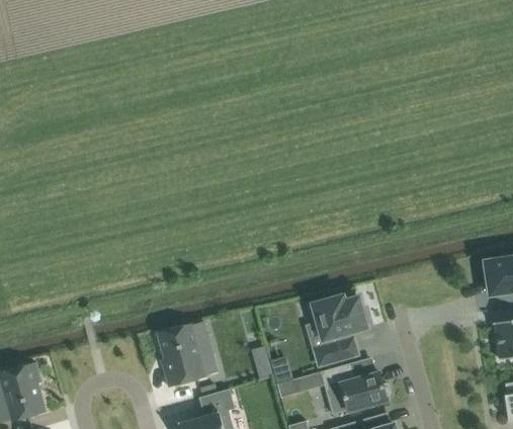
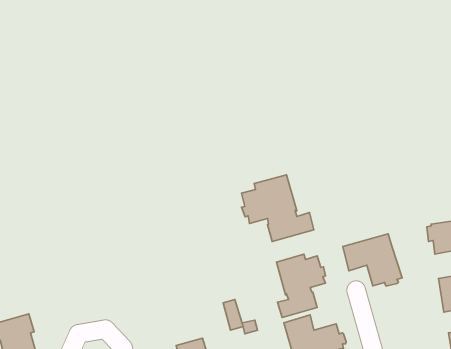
building: none -> [241,175,314,242]
building: none -> [343,234,402,286]
building: [157,324,218,388] -> none

